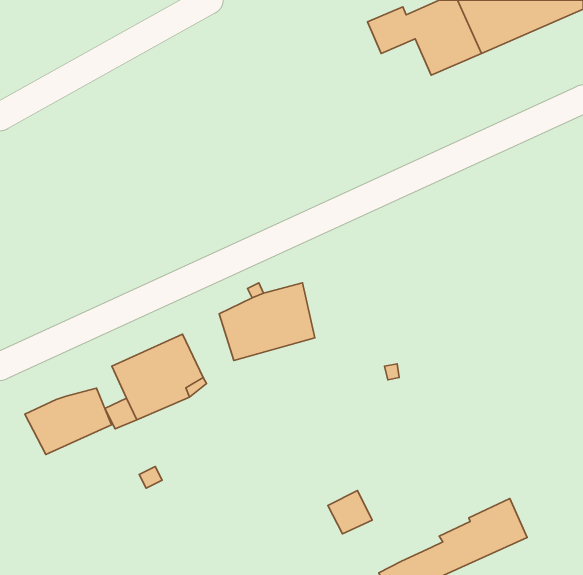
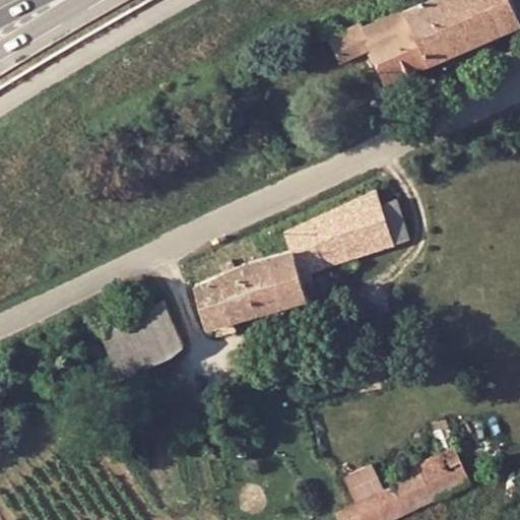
building: none -> [269,193,409,308]
building: [25,388,112,455] -> none
building: [328,491,372,534] -> [344,468,384,507]

